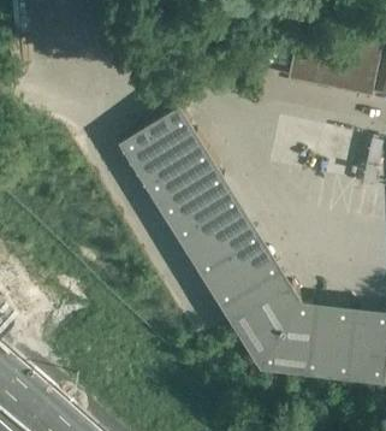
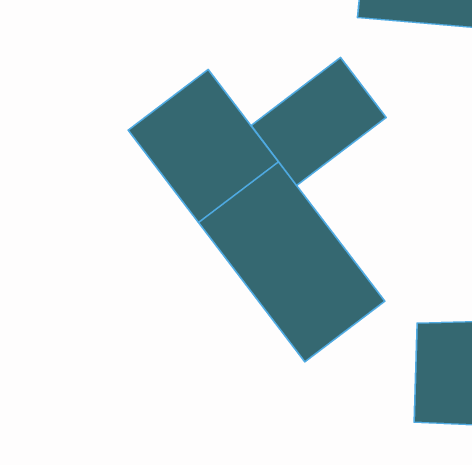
building: none -> [251,58,386,185]
building: [230,285,313,374] -> none

